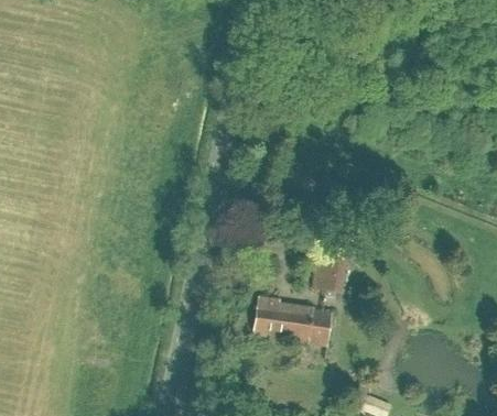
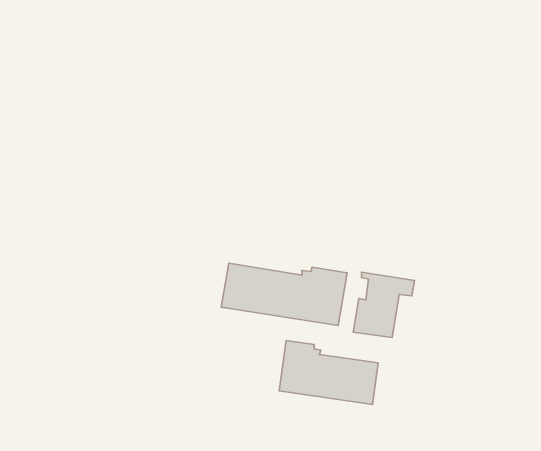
building: none -> [221,263,347,326]

